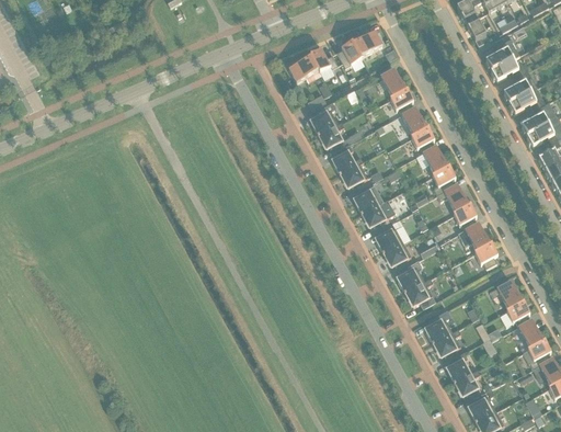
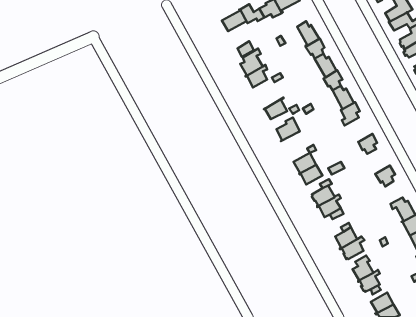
building: [332,143,363,174] -> none
building: [436,184,470,213] -> none
building: [359,198,394,226] -> none
building: [457,223,491,251] -> none

